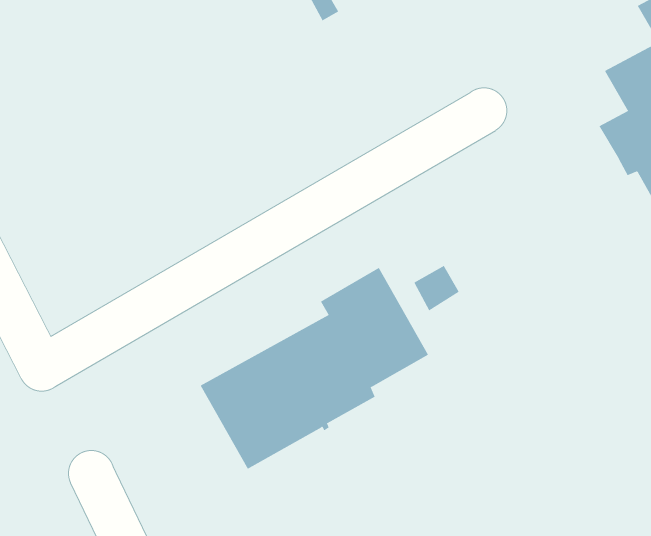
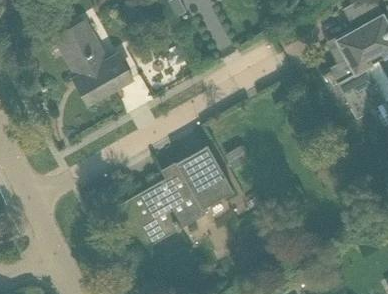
building: none -> [56,21,132,103]

